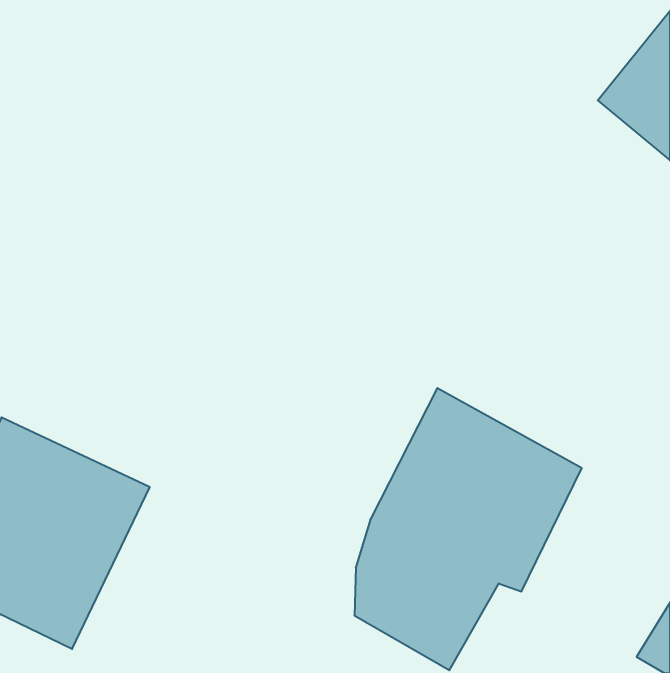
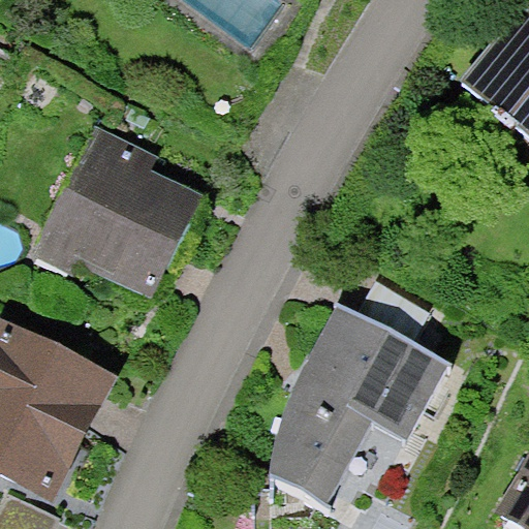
building: none -> [36,123,201,294]

